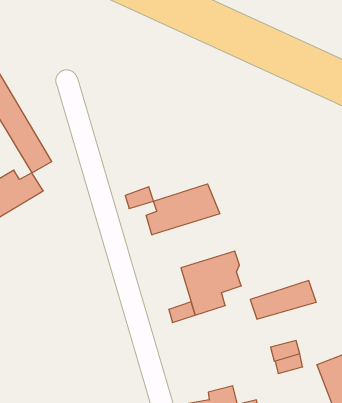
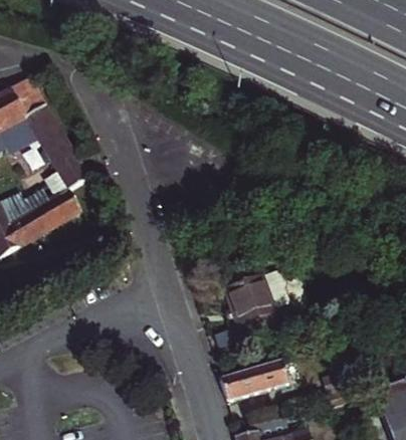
building: [146,184,220,235] -> none
building: [250,281,316,319] -> [220,358,290,399]

